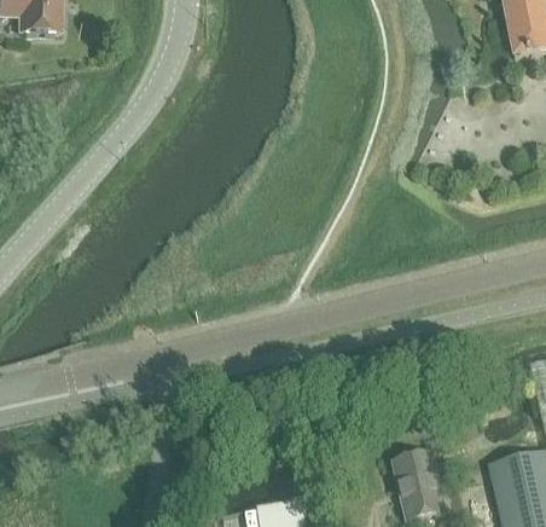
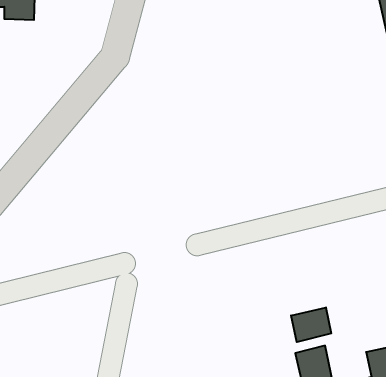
building: none -> [291,307,331,342]

